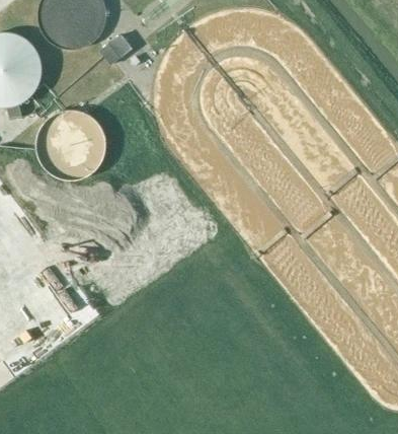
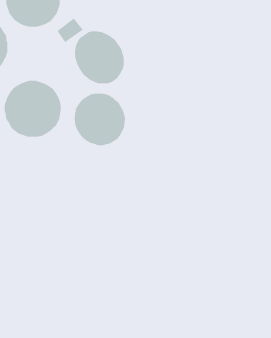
building: none -> [74,30,125,84]
building: none -> [74,93,126,146]

